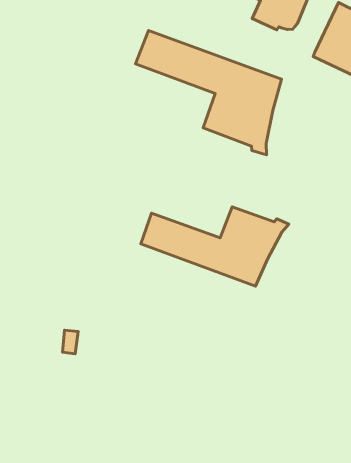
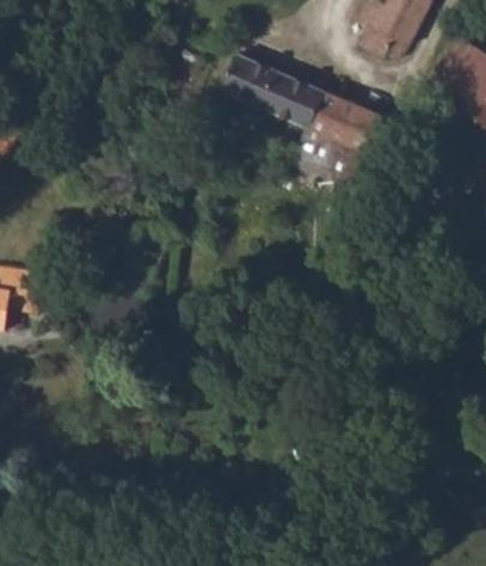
building: [141,207,289,286] -> none

